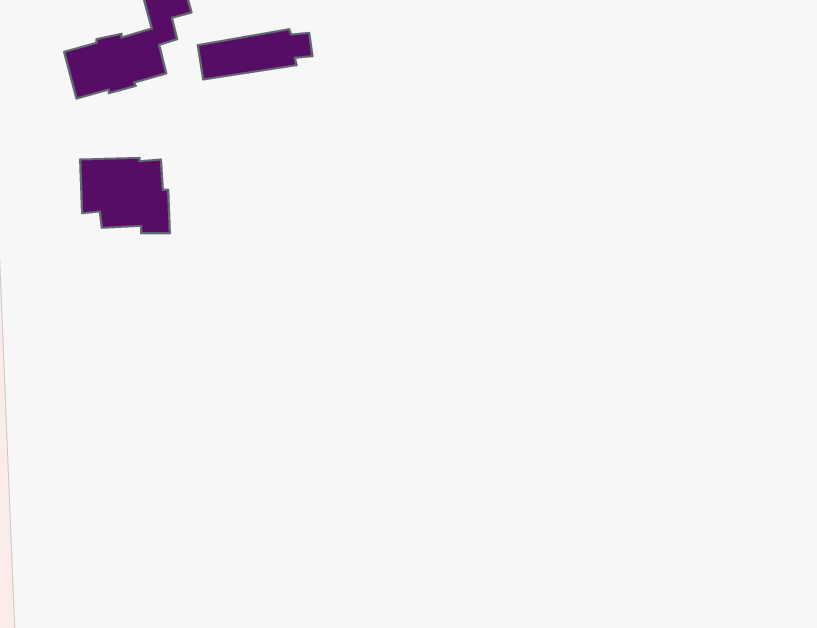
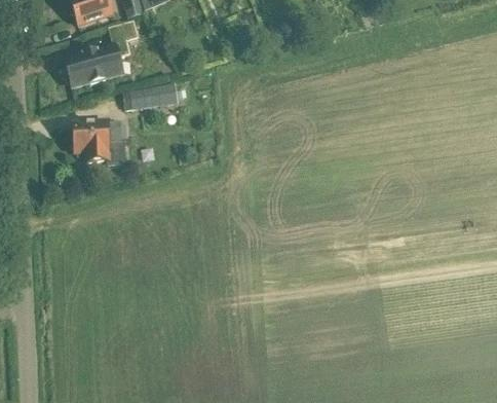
building: [198,29,313,79] -> [121,80,187,109]

